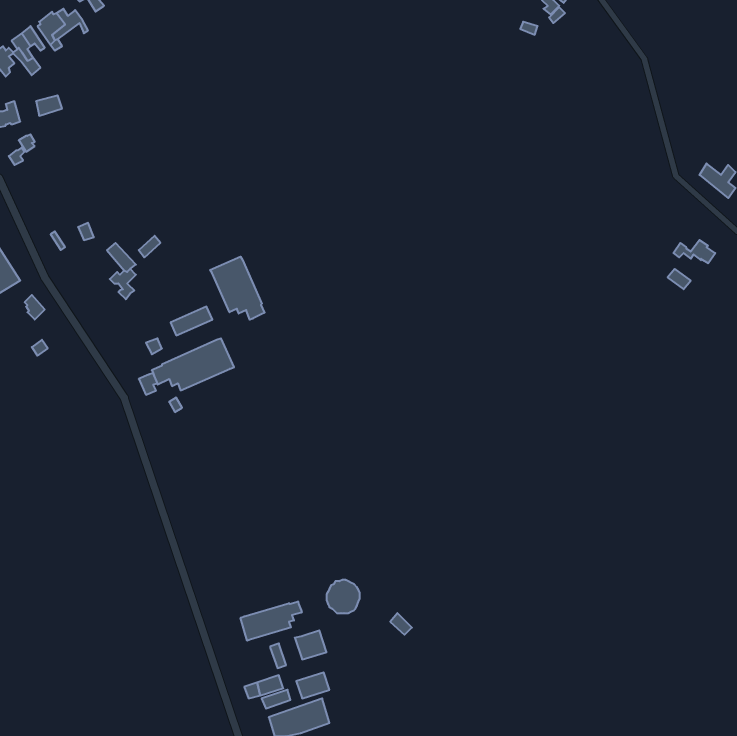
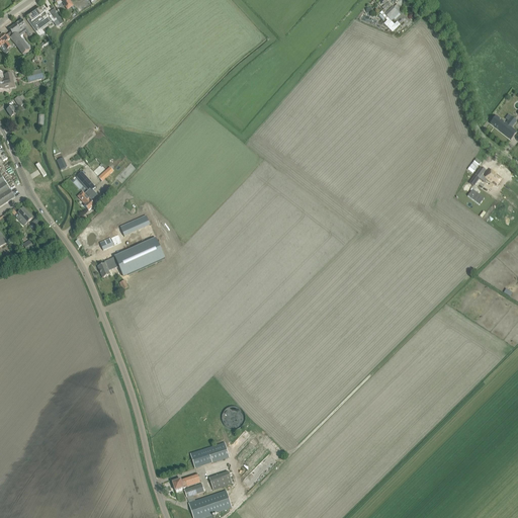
building: [210,257,265,320] -> none
building: [241,601,302,641] -> none

